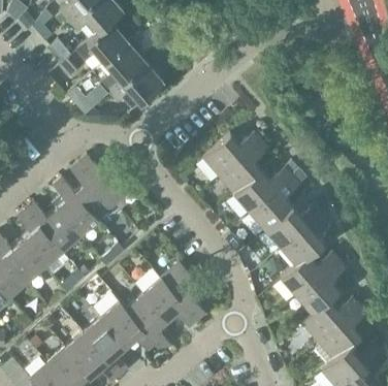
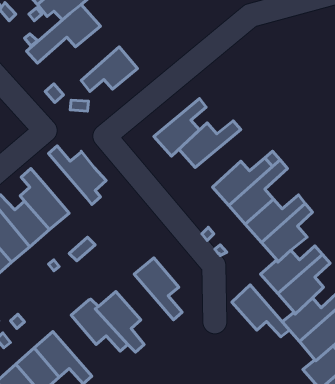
building: [100,39,147,95] -> none
building: [218,141,267,196] -> [154,98,206,156]
building: [70,164,115,221] -> none
building: [142,279,197,328] -> [232,285,289,337]
building: [83,318,128,376] -> none

